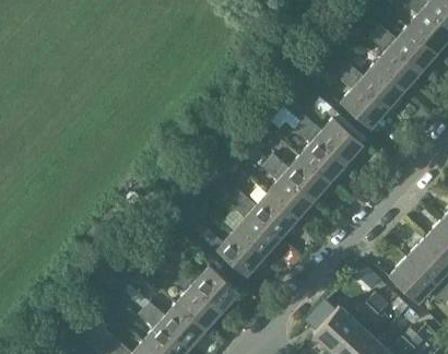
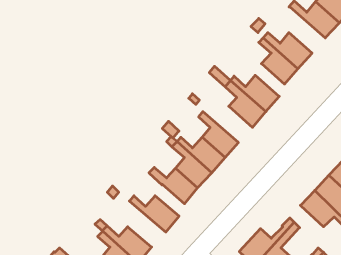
building: [370,34,420,91] -> none
building: [269,156,330,201] -> none
building: [172,273,223,330] -> none

